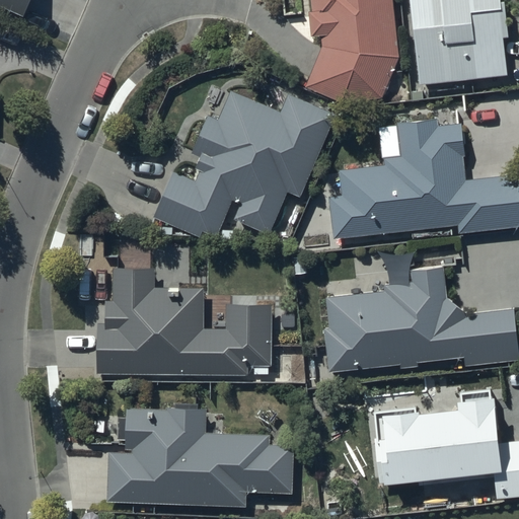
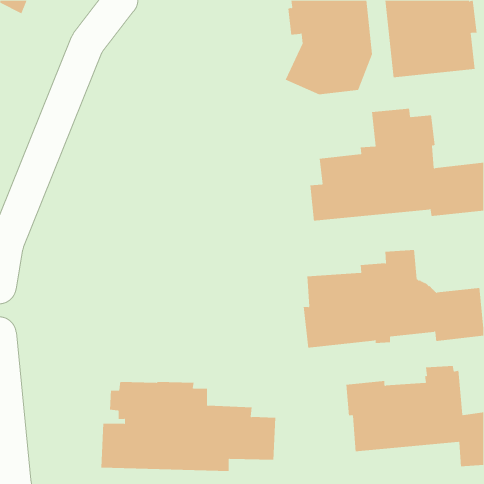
building: [155,92,337,239] -> none
building: [97,268,271,374] -> none

